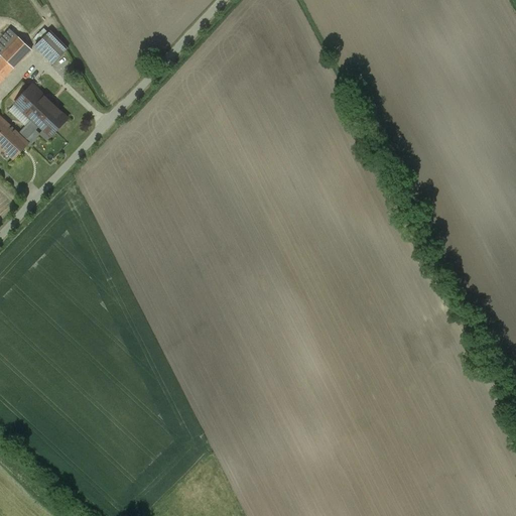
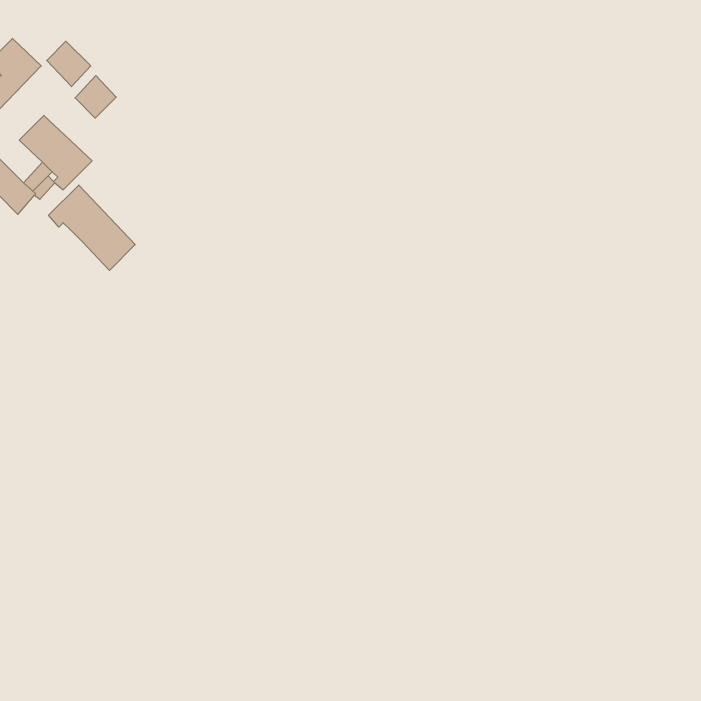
building: none -> [75,76,116,118]
building: none -> [49,185,135,270]

